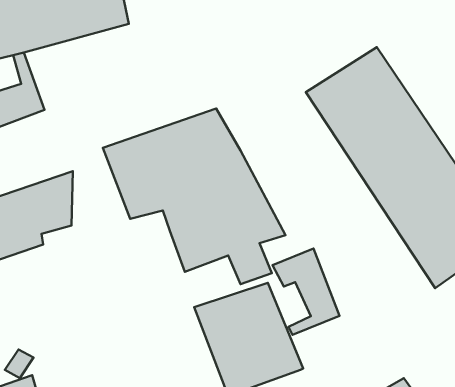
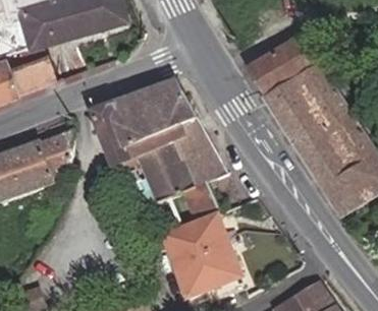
building: [272,248,340,335] -> none

